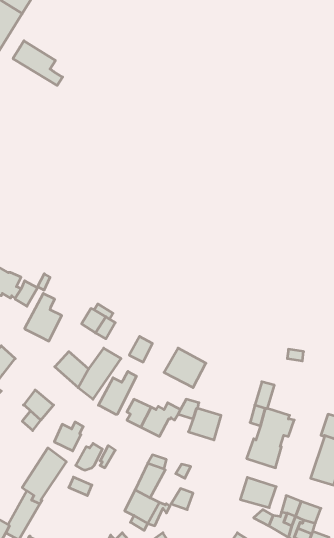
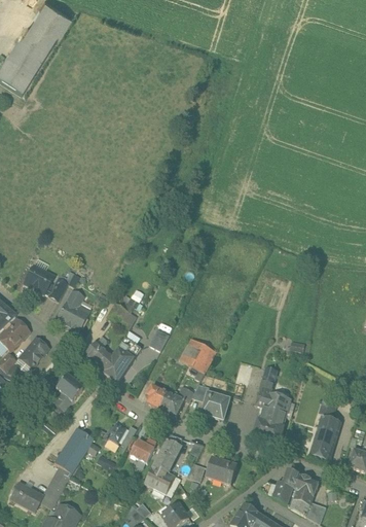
building: [13,41,63,85] -> none
building: [98,371,136,414] -> none
building: [54,422,83,451] -> [131,436,156,462]
building: [240,477,276,508] -> [206,457,237,484]

